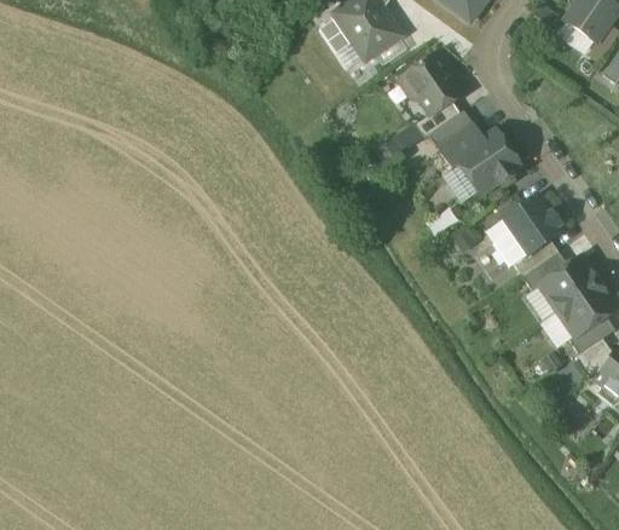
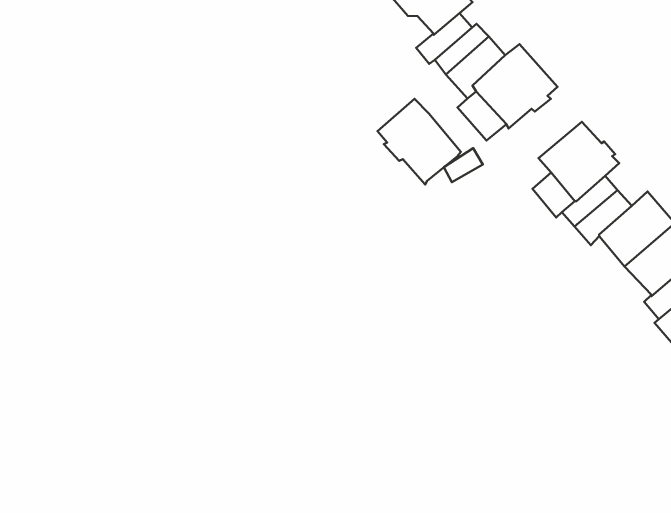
building: none -> [377,99,461,185]

